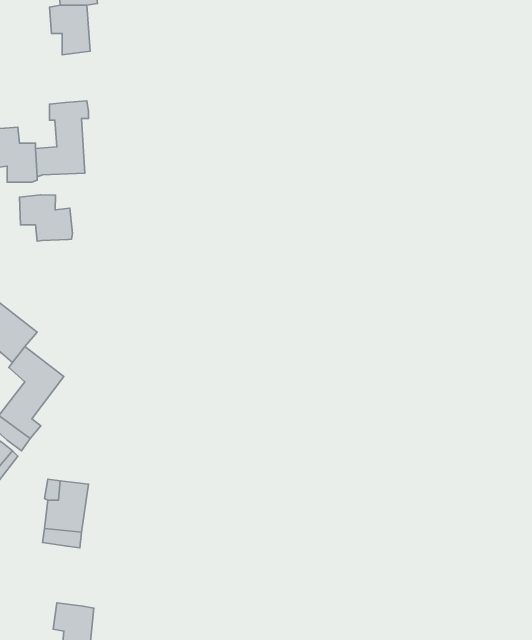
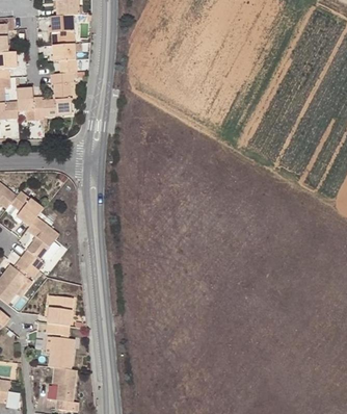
building: none -> [52,43,75,73]
building: [19,195,72,241] -> none
building: none -> [48,336,74,369]

